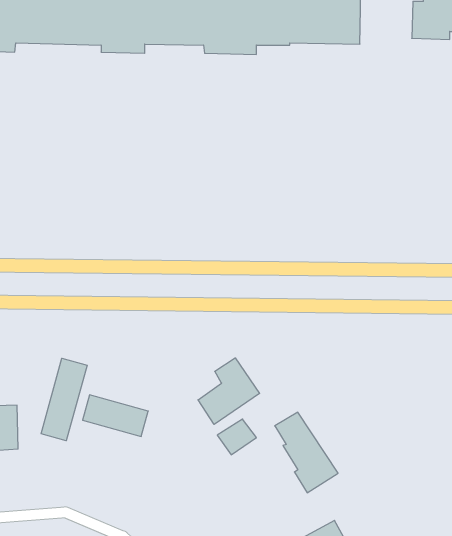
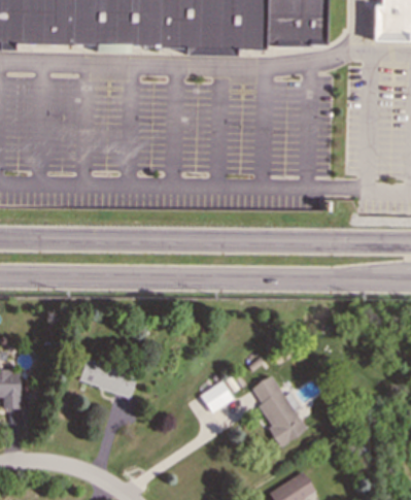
building: [198,358,260,424] -> none
building: [41,358,87,441] -> none

